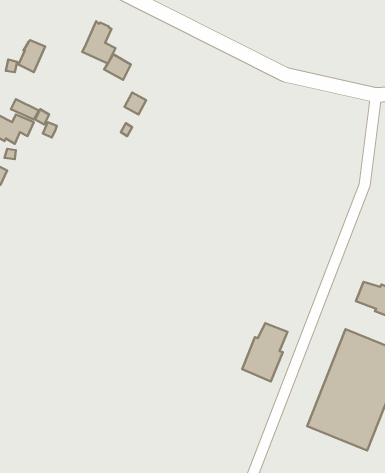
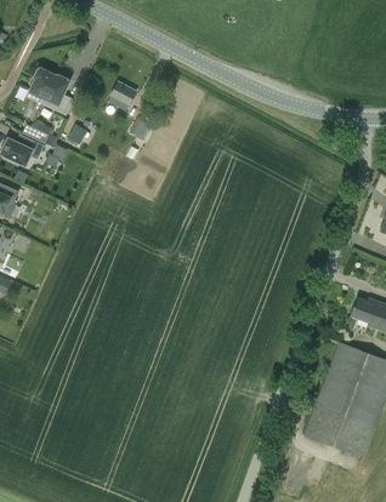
building: [82,21,115,63] -> [41,74,73,114]
building: [242,323,288,381] -> none

